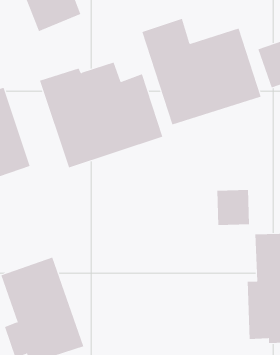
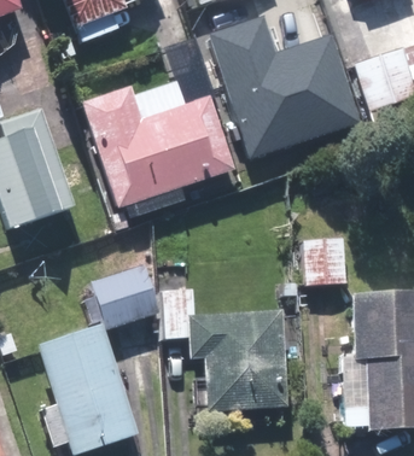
building: none -> [93,263,159,327]
building: none -> [187,309,290,410]

